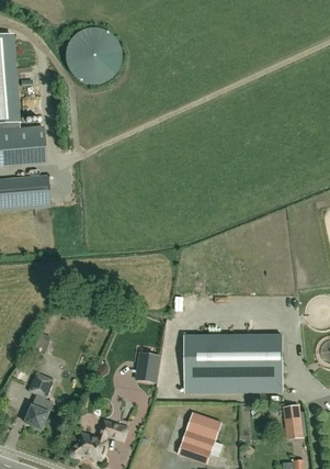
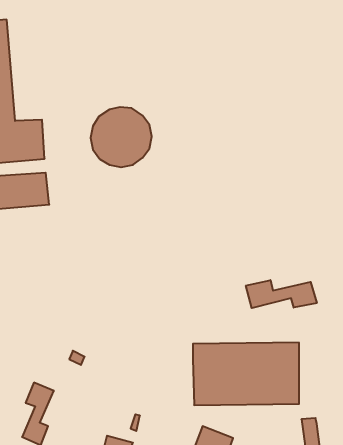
building: [64,27,121,83] -> [91,107,152,167]
building: none -> [246,280,317,308]
building: [138,353,161,381] -> none

